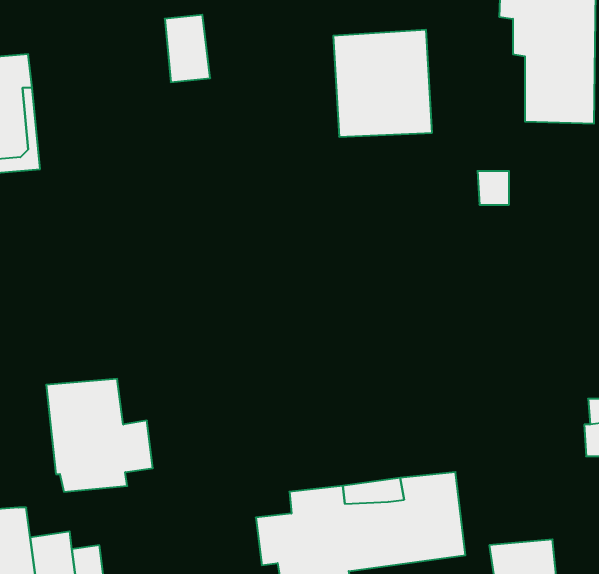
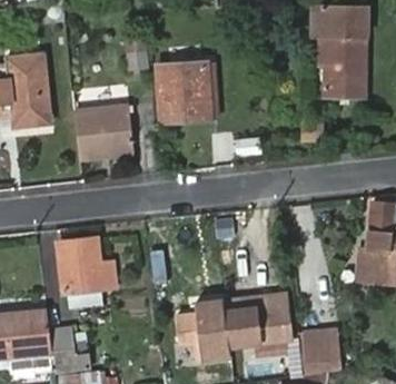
building: [333,30,432,137] -> [157,61,212,121]
building: none -> [73,105,133,158]

